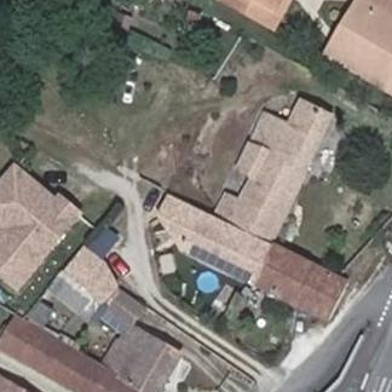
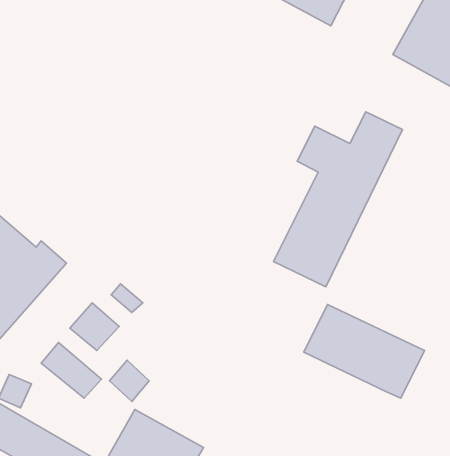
building: [160,196,275,282] -> none

